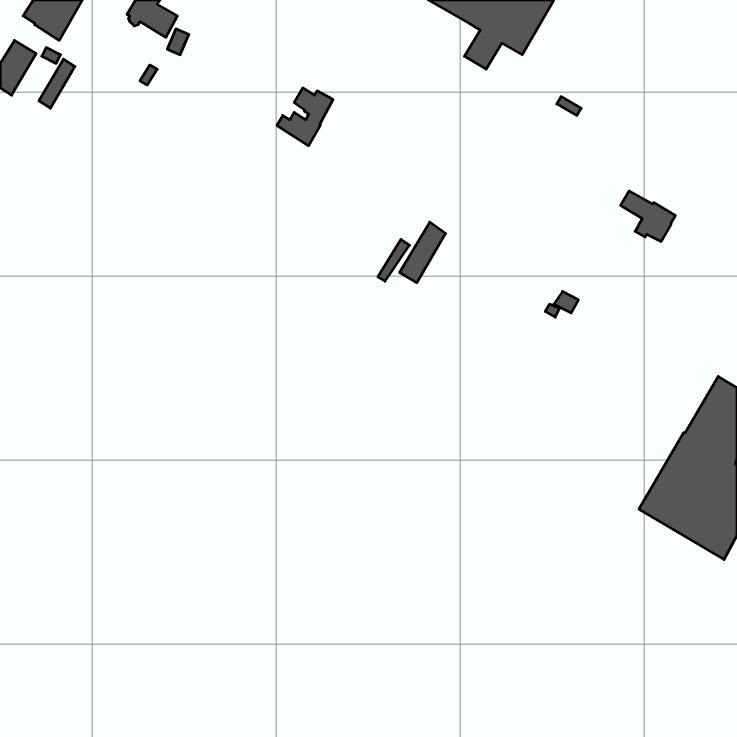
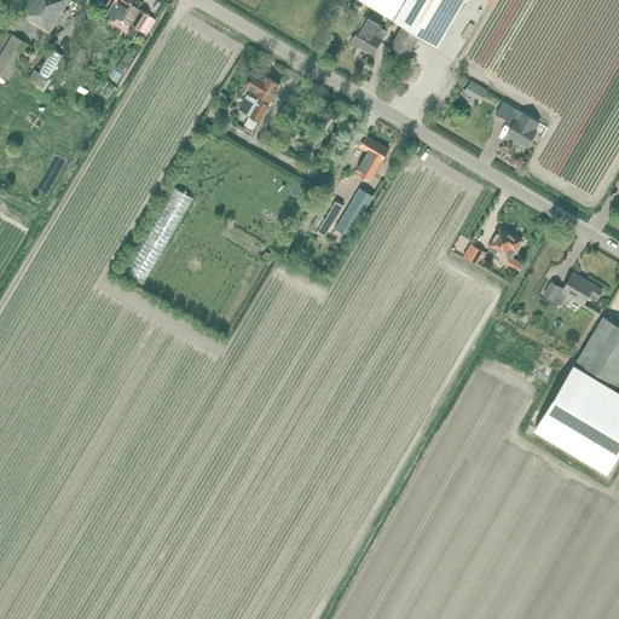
building: none -> [351,15,386,54]
building: none -> [355,137,388,180]
building: [621,191,675,241] -> [494,102,540,144]
building: none -> [488,227,521,259]
building: none -> [544,272,602,303]

